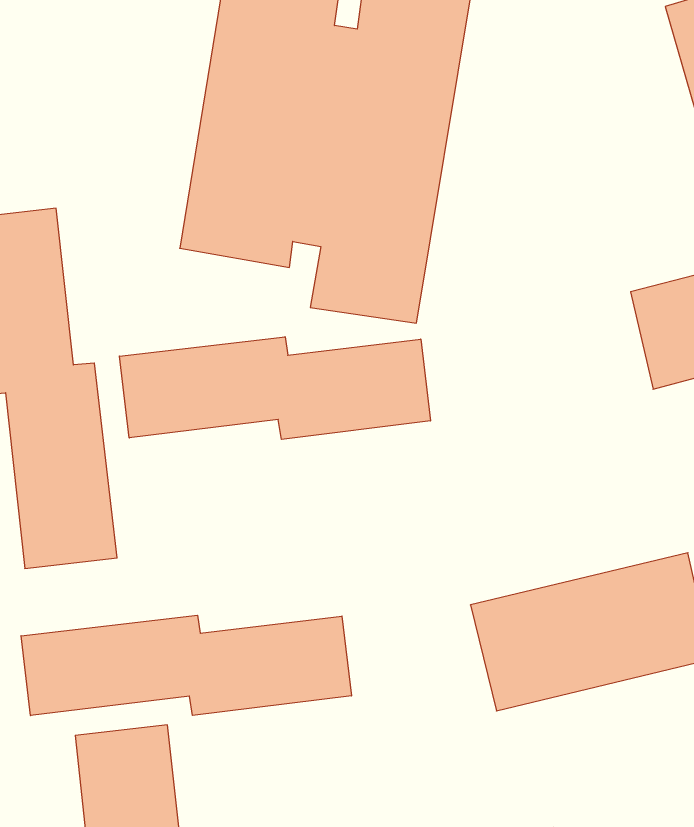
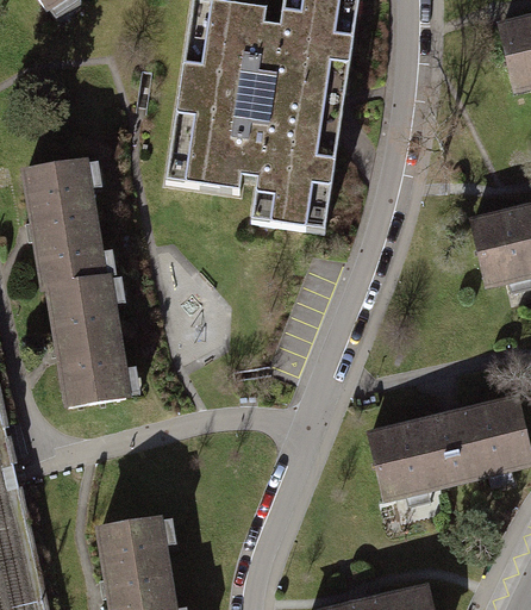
building: [119,337,430,439] -> none
building: [21,615,351,716] -> none

